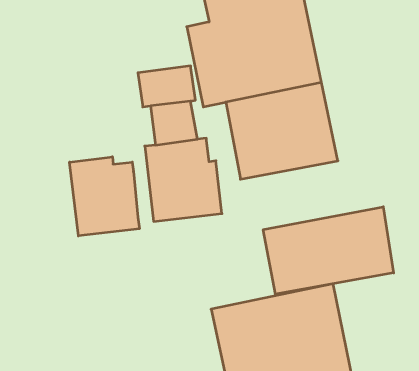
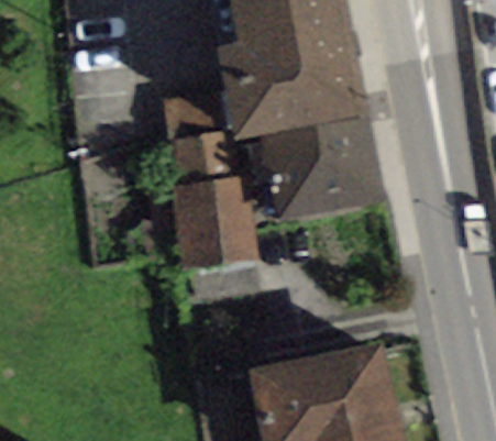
building: [70,157,139,236] -> none
building: [263,207,394,294] -> none

